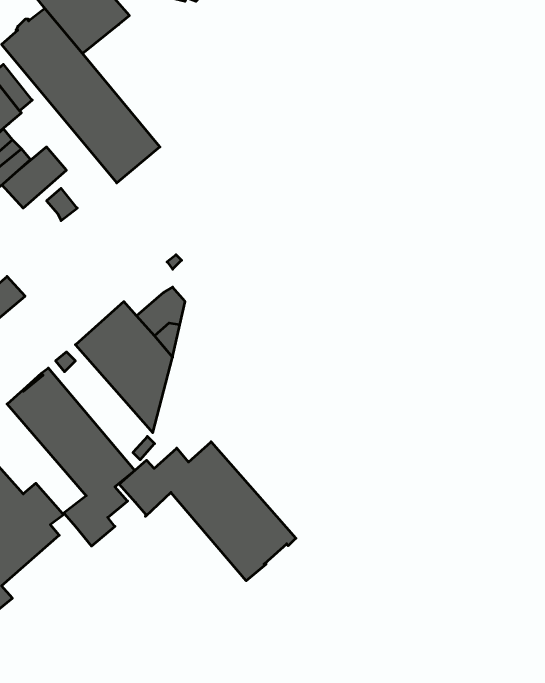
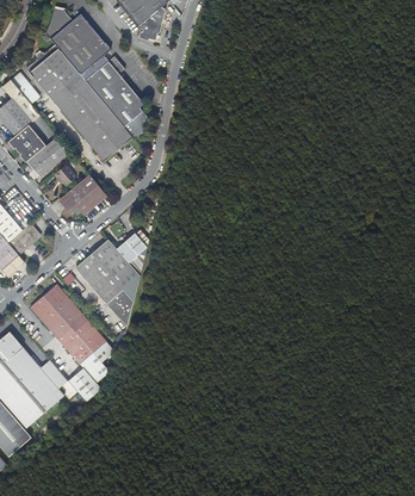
building: none -> [79,55,145,138]
building: none -> [57,174,106,215]
building: [119,442,296,581] -> none

